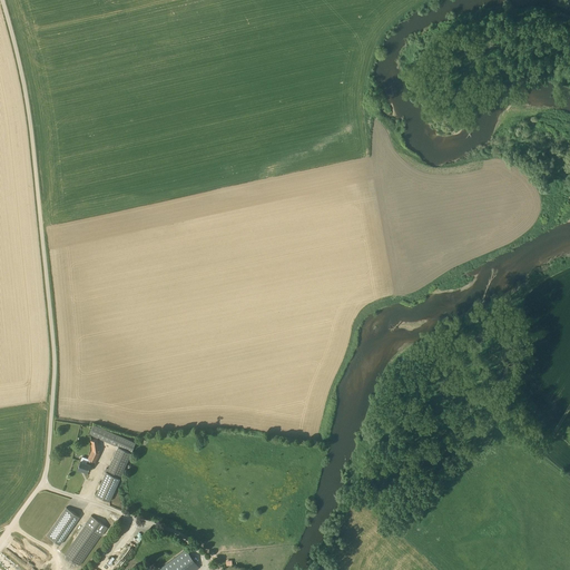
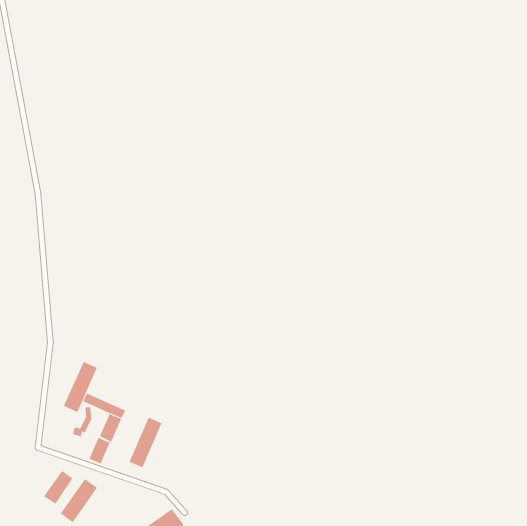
building: none -> [63,361,98,413]
building: none -> [129,417,162,468]

